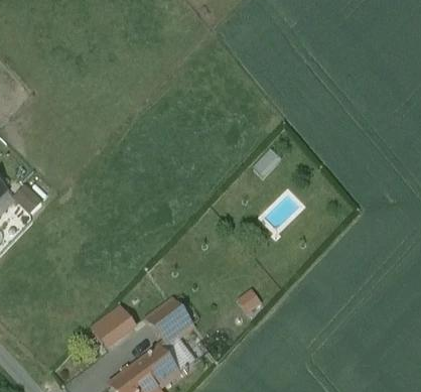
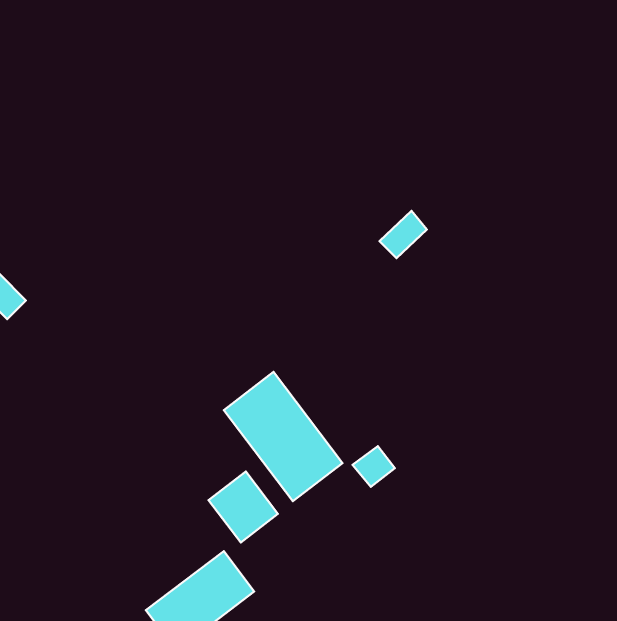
building: none -> [224,372,343,501]
building: [87,304,135,350] -> none

